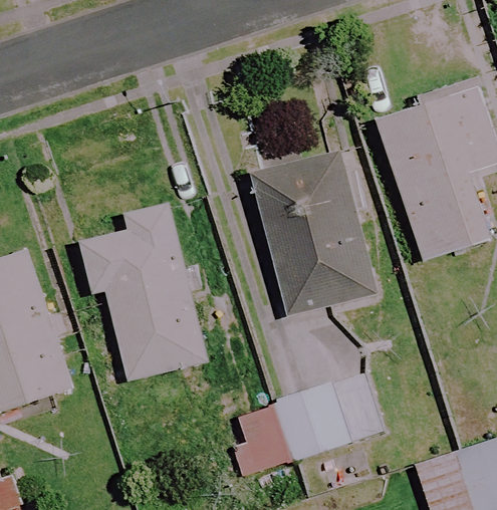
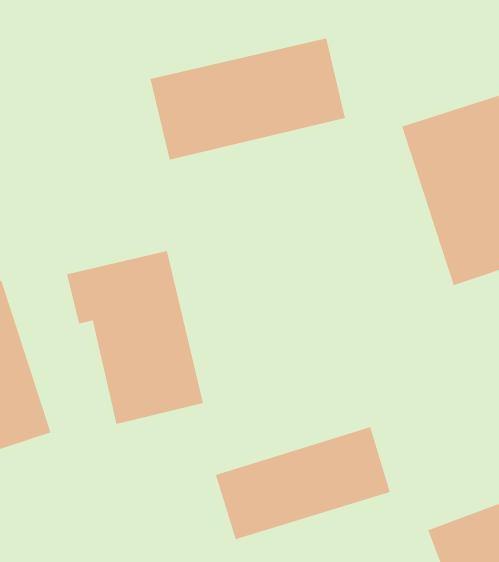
building: none -> [150,38,346,161]
building: [253,149,377,313] -> none

